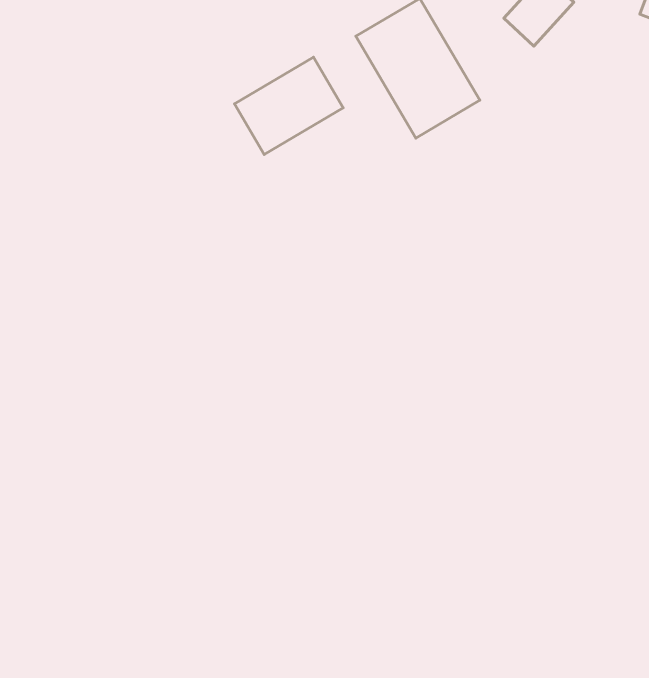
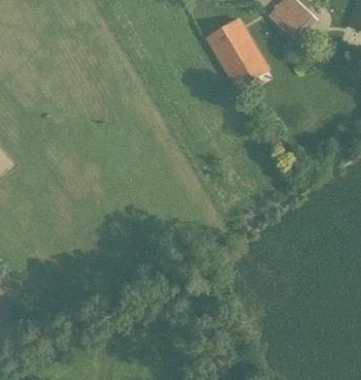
building: [235,57,343,154] -> none

